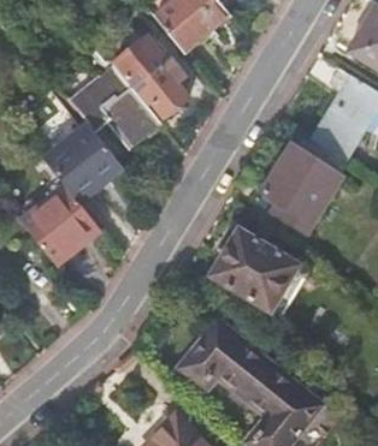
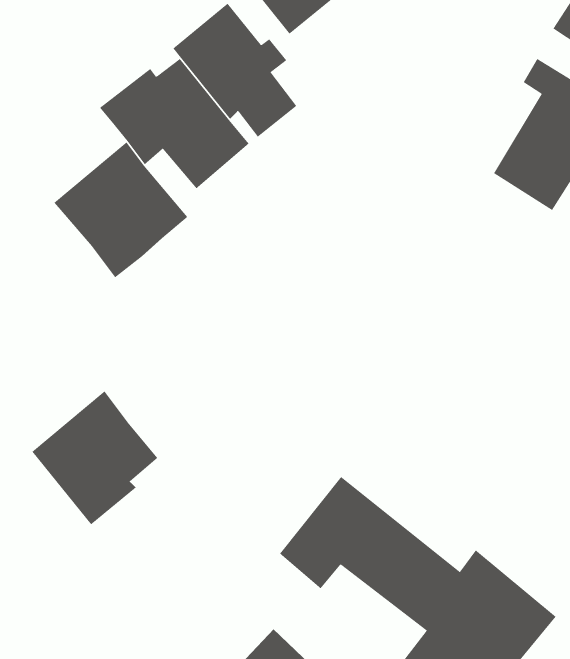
building: [261,131,345,233] -> none
building: [20,182,98,263] -> [31,390,158,525]
building: [209,230,299,313] -> none

